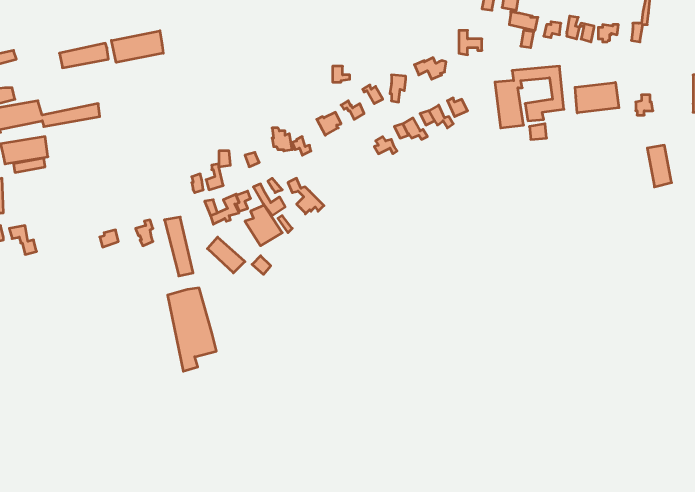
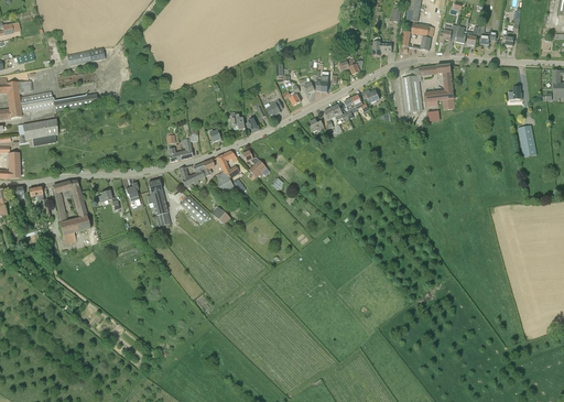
building: [111,31,163,62] -> none
building: [575,82,619,113] -> none
building: [168,288,216,371] -> [52,180,89,243]

